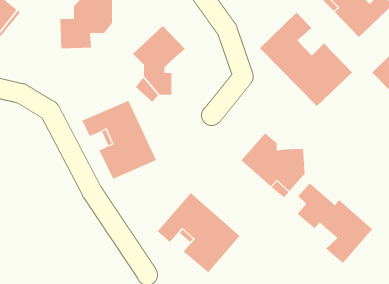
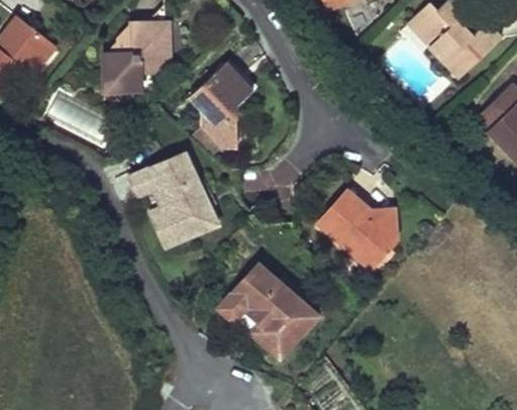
building: [259,12,353,107] -> none
building: none -> [46,92,107,142]
building: [297,183,373,264] -> none

